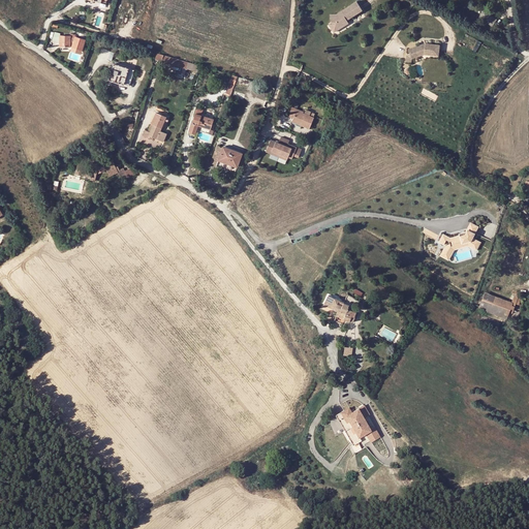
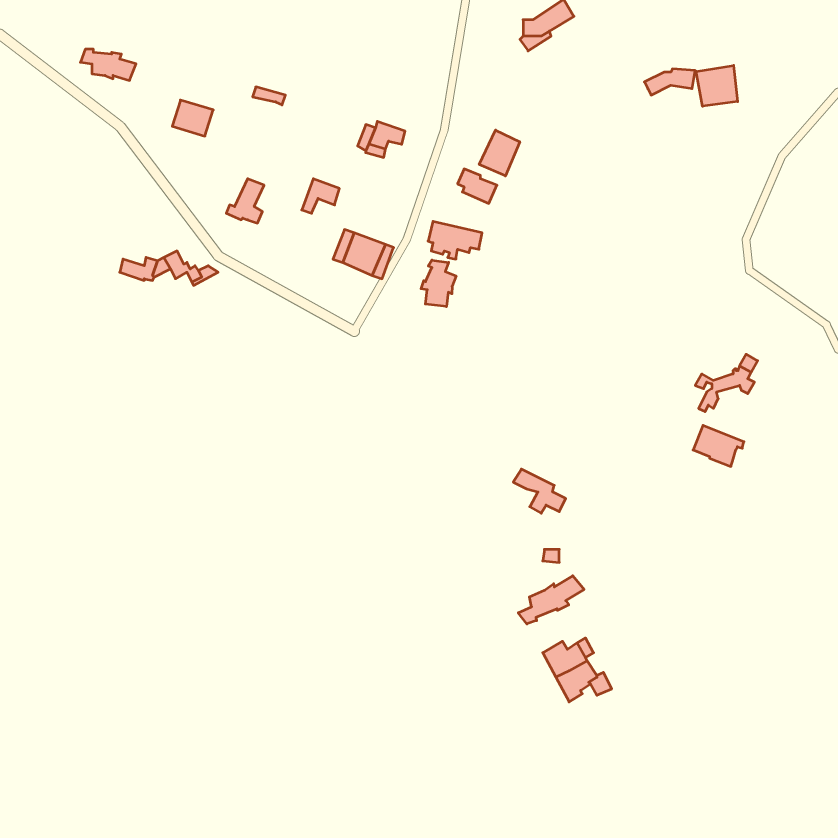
building: none -> [696,65,738,106]
building: none -> [479,130,520,176]
building: none -> [421,260,456,307]
building: [478,291,510,317] -> [693,425,744,466]
building: none -> [518,576,584,624]

